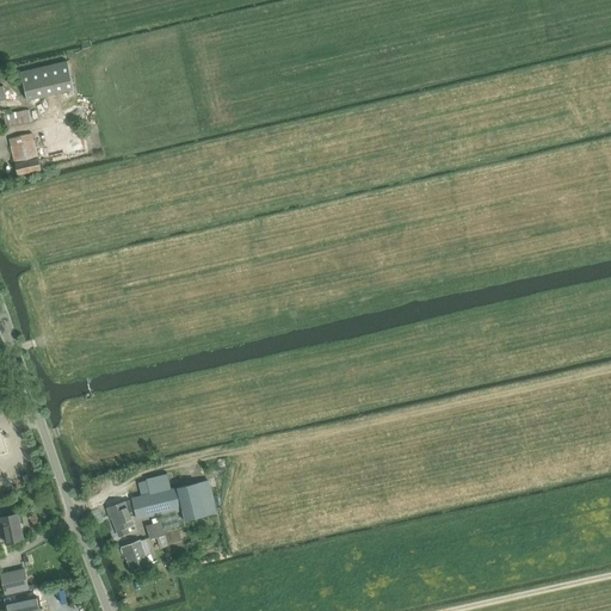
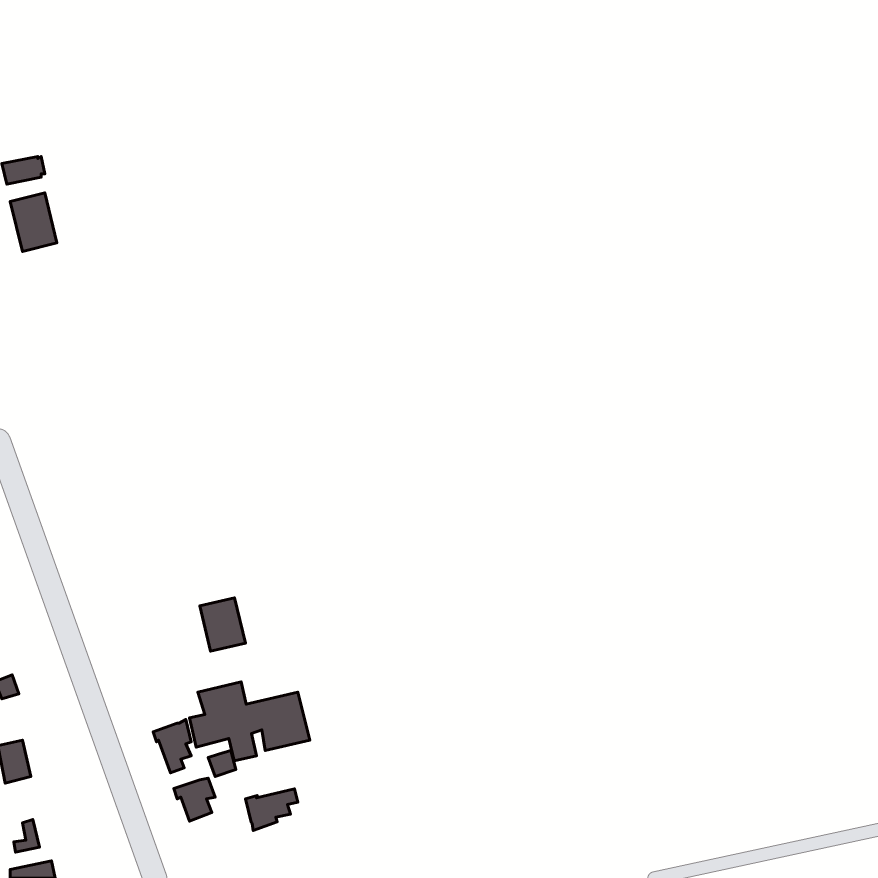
building: [20,61,73,99] -> none
building: none -> [200,598,245,651]
building: none -> [245,789,298,831]

